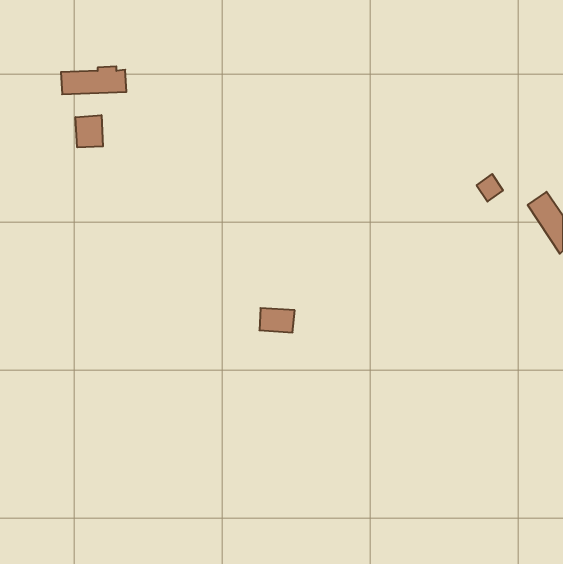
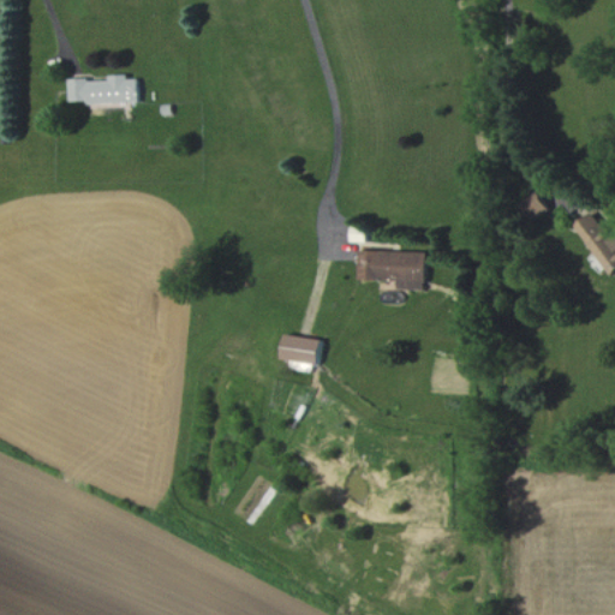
building: [76,115,103,147] -> none
building: none -> [358,250,426,291]

